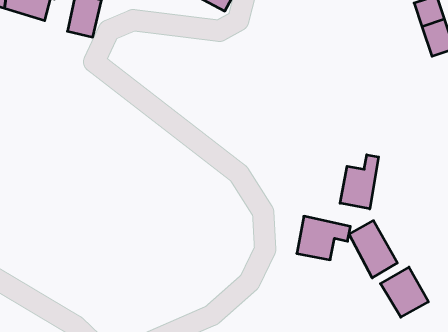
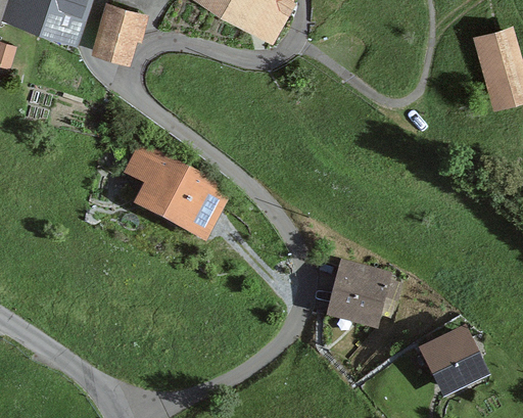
building: none -> [126,152,217,234]
building: [340,155,379,209] -> none
building: [349,221,397,278] -> none

